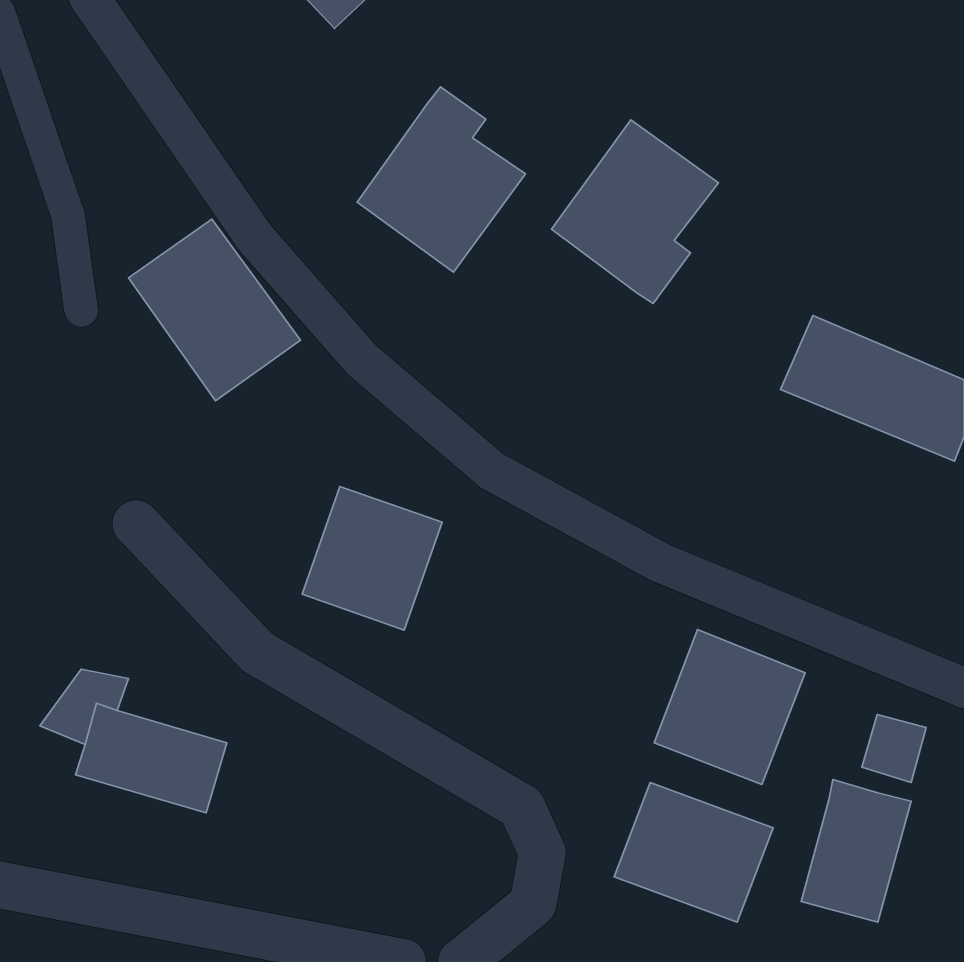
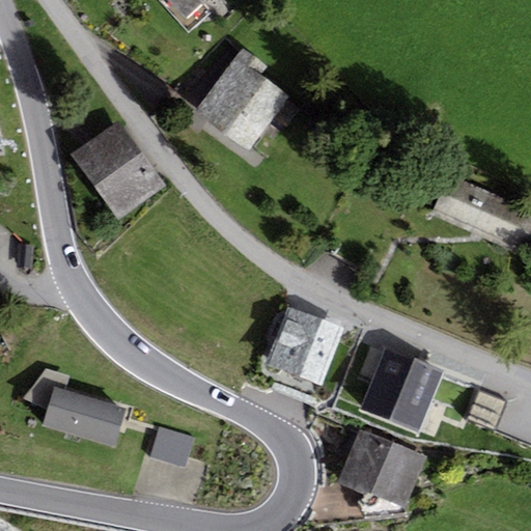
building: [551,120,718,304] -> none
building: [302,486,442,630] -> [266,306,342,385]
building: none -> [150,425,193,466]
building: [801,780,911,922] -> none

